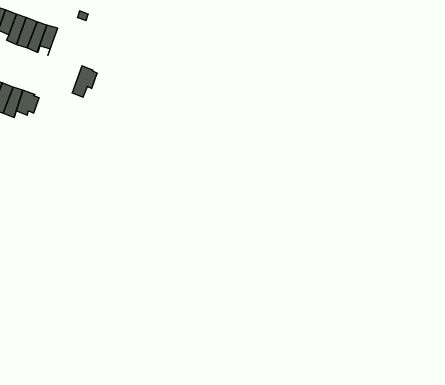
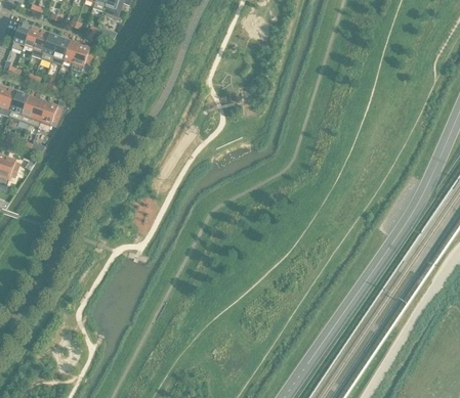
building: [72,66,97,97] -> [69,42,92,72]

